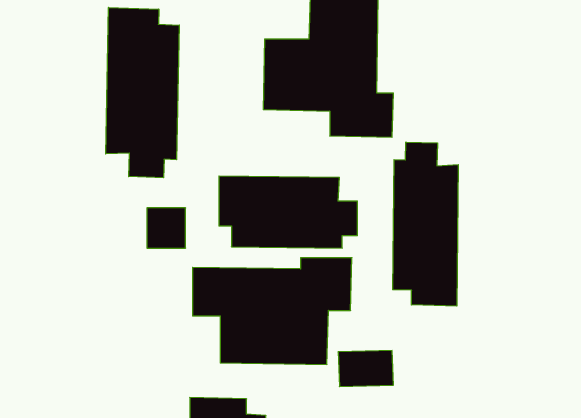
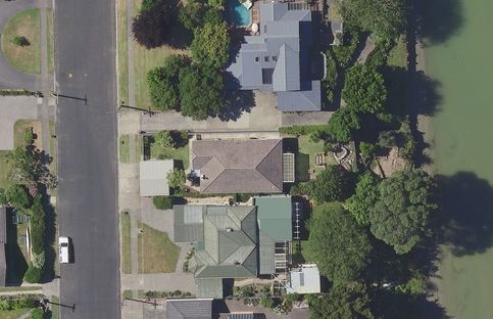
building: [106,7,179,178] -> none
building: [393,142,458,306] -> none

